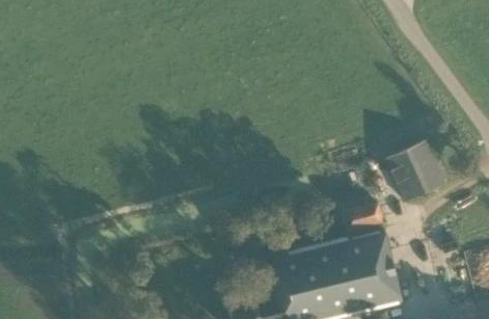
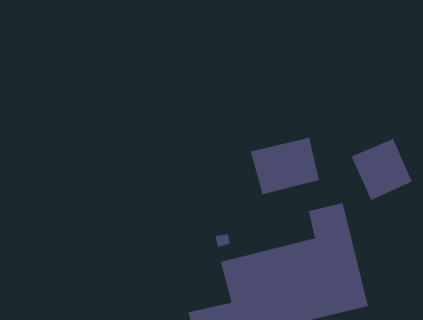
building: none -> [250,137,320,195]

